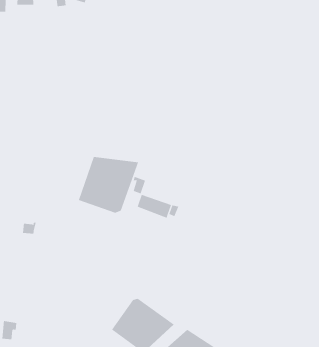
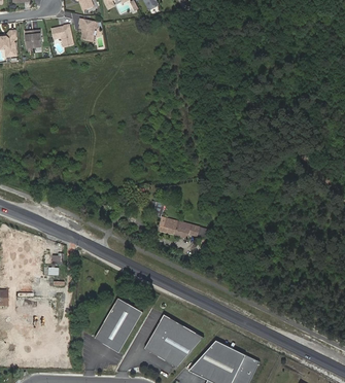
building: [78,156,139,213] -> none
building: none -> [95,295,142,351]

